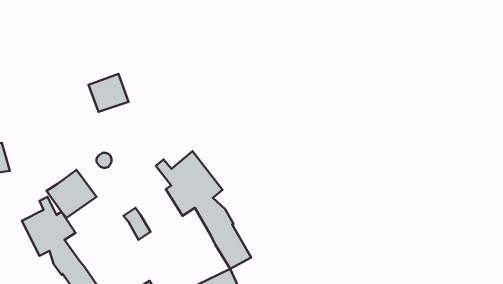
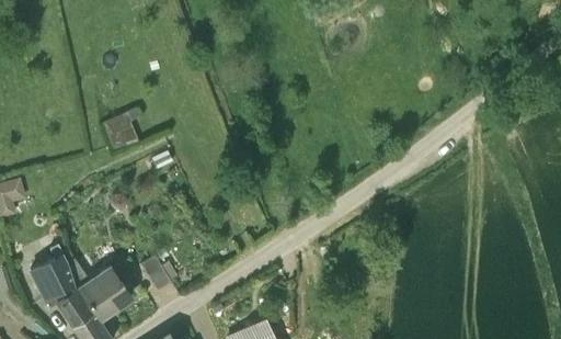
building: [156,151,251,269] -> none
building: [47,170,96,218] -> [77,267,131,319]

